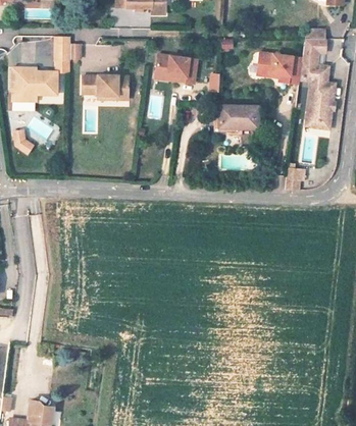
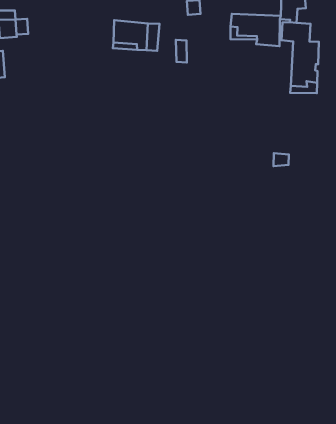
building: [81,73,126,98] -> none
building: [219,105,258,128] -> none

